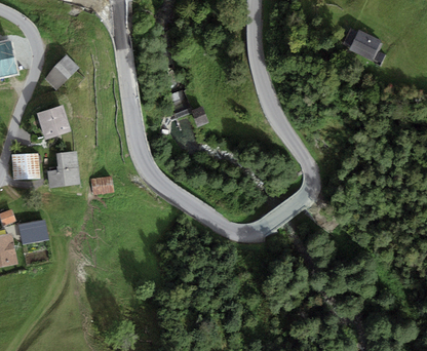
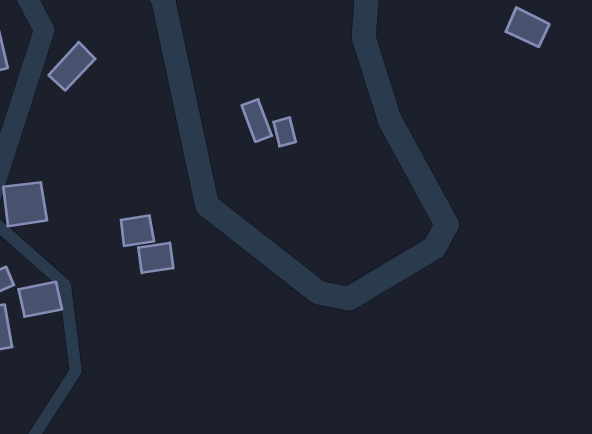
building: [34,106,66,139] -> none
building: [43,151,76,186] -> none
building: none -> [138,243,173,273]

